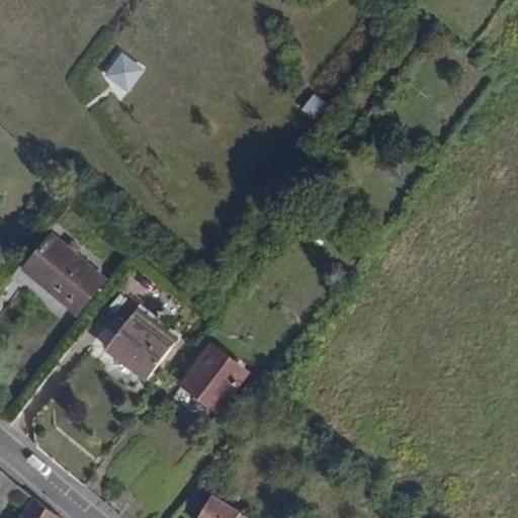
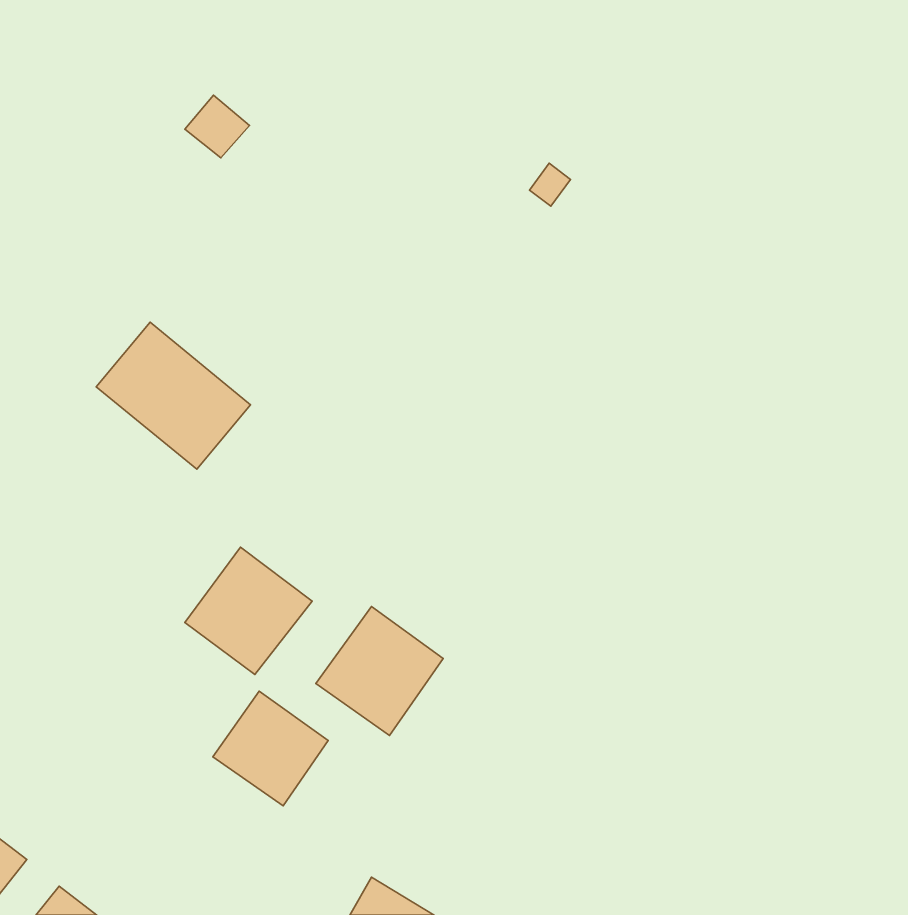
building: [19,233,106,316] -> [96,322,251,469]
building: none -> [213,691,328,806]

